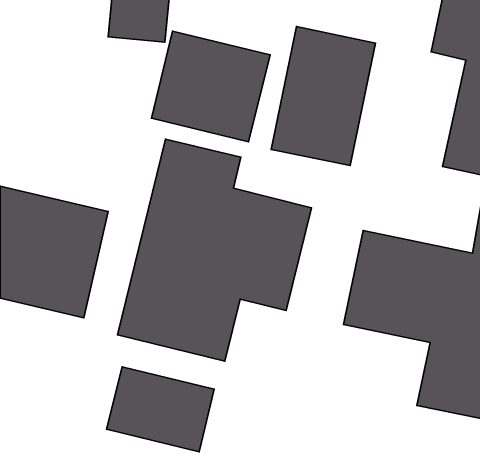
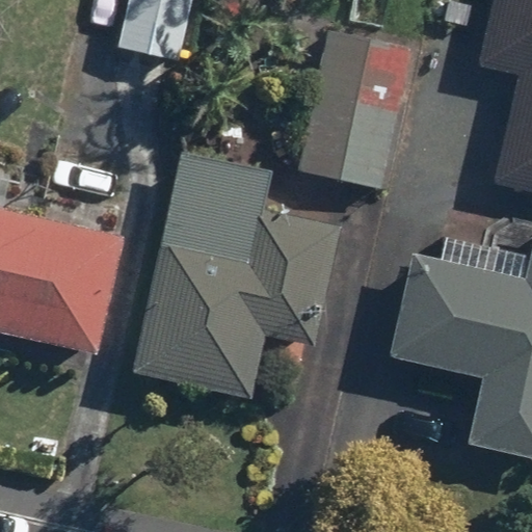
building: [152,31,270,142] -> none
building: [107,367,214,452] -> none

